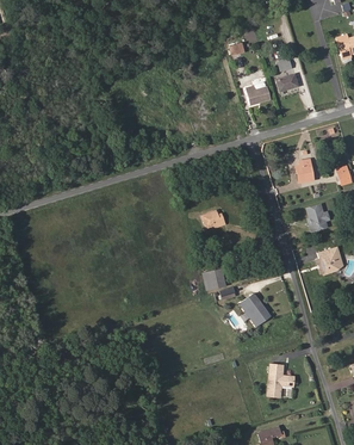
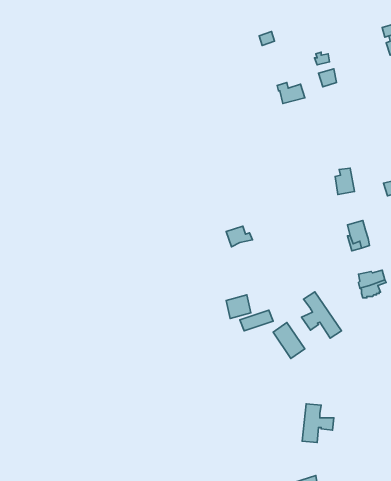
building: none -> [302,292,341,338]

